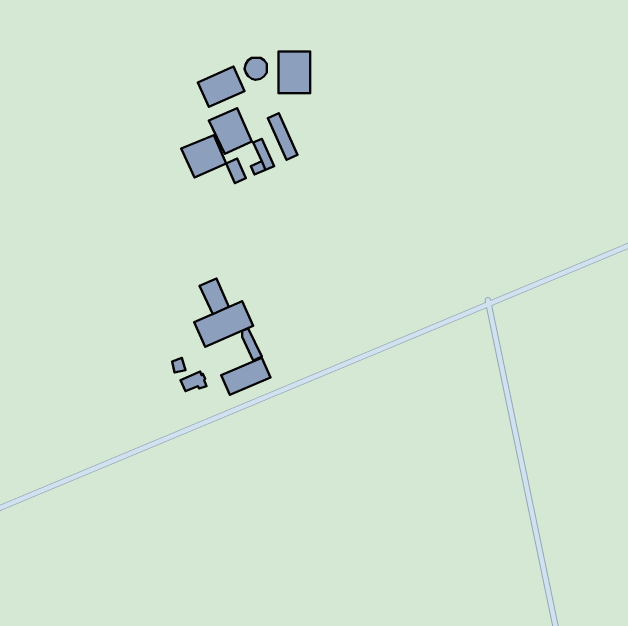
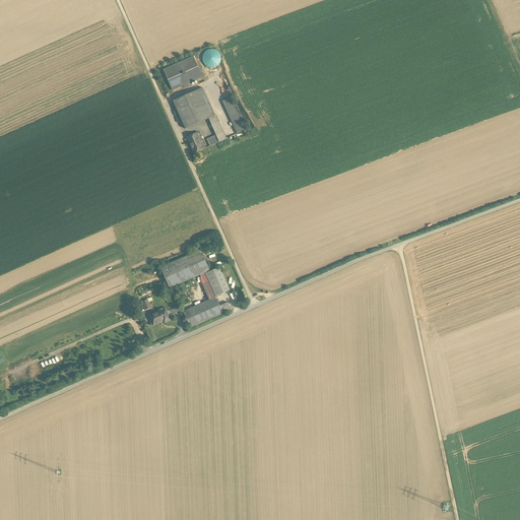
building: [278,52,310,93] -> none
building: [181,135,226,178] -> none
building: [199,278,229,314] -> [205,265,230,295]

